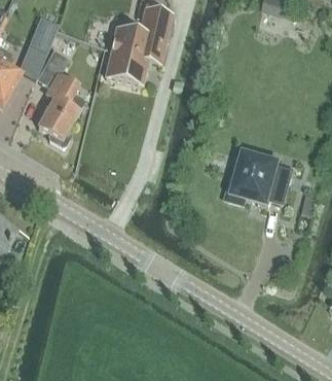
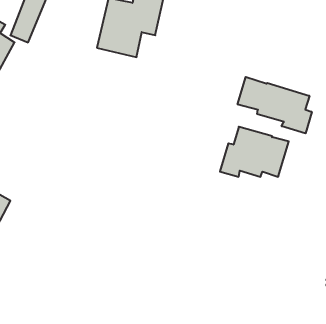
building: [38,49,85,146] -> none
building: none -> [238,77,312,133]

